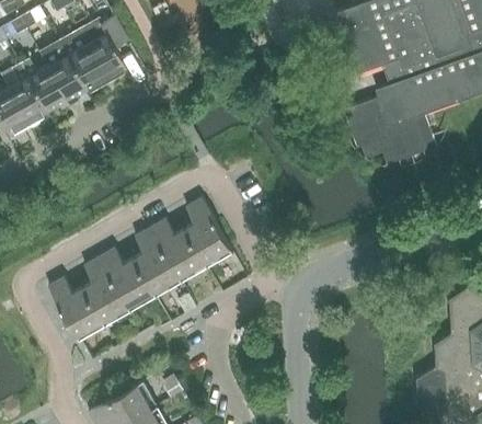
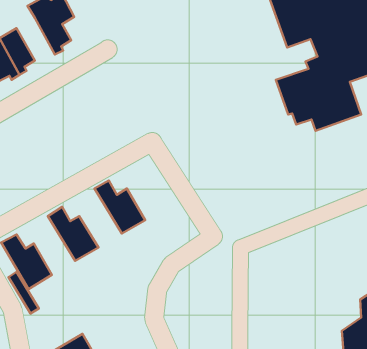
building: [57,30,106,89] -> none
building: [184,196,230,261] -> none
building: [133,227,179,290] -> none
building: [83,256,128,320] -> none

